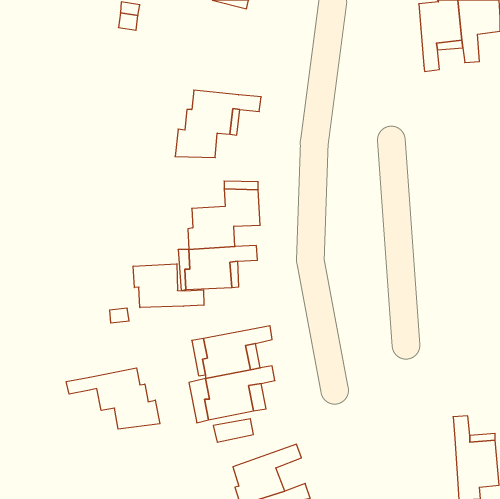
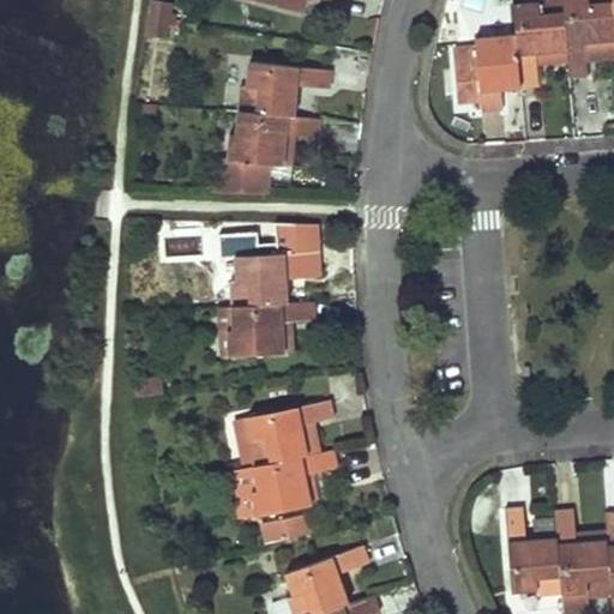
building: none -> [455,36,519,112]
building: none -> [237,62,331,118]
building: [133,264,204,308] -> none
building: [66,368,160,429] -> none
building: none -> [506,507,561,596]

